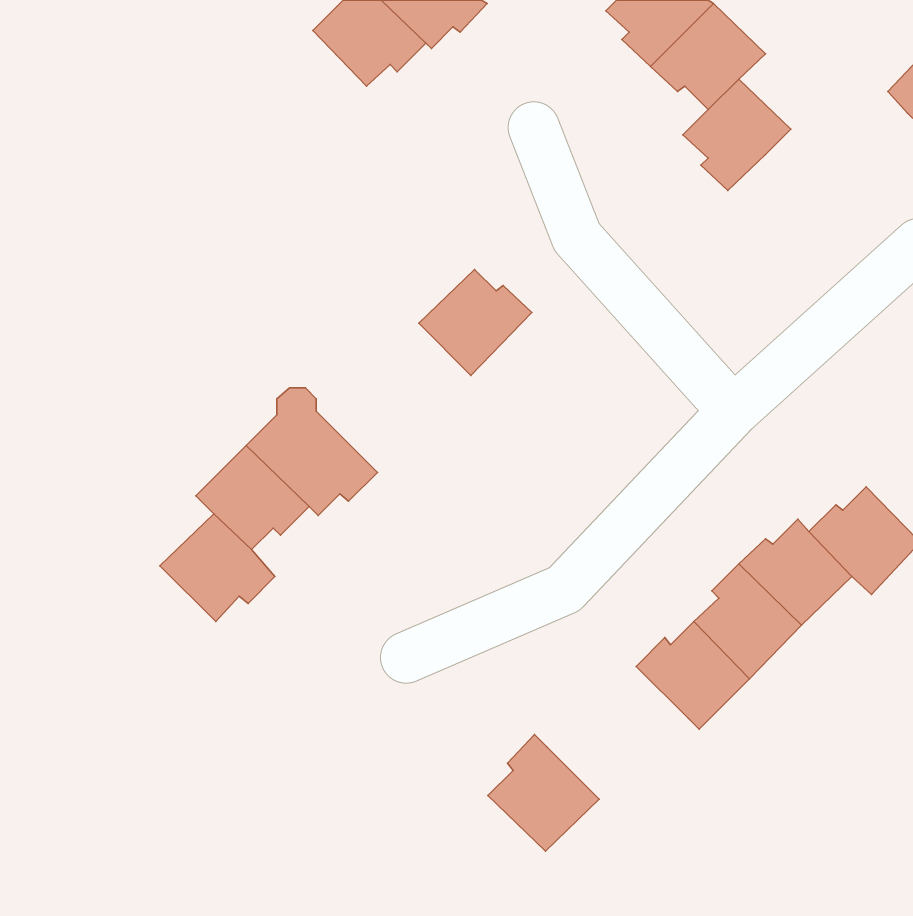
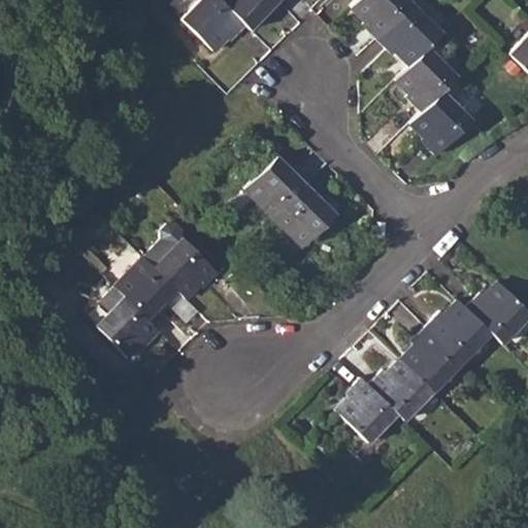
building: none -> [410,90,471,155]
building: none -> [273,180,335,246]
building: [488,735,599,851] -> [334,376,398,443]

